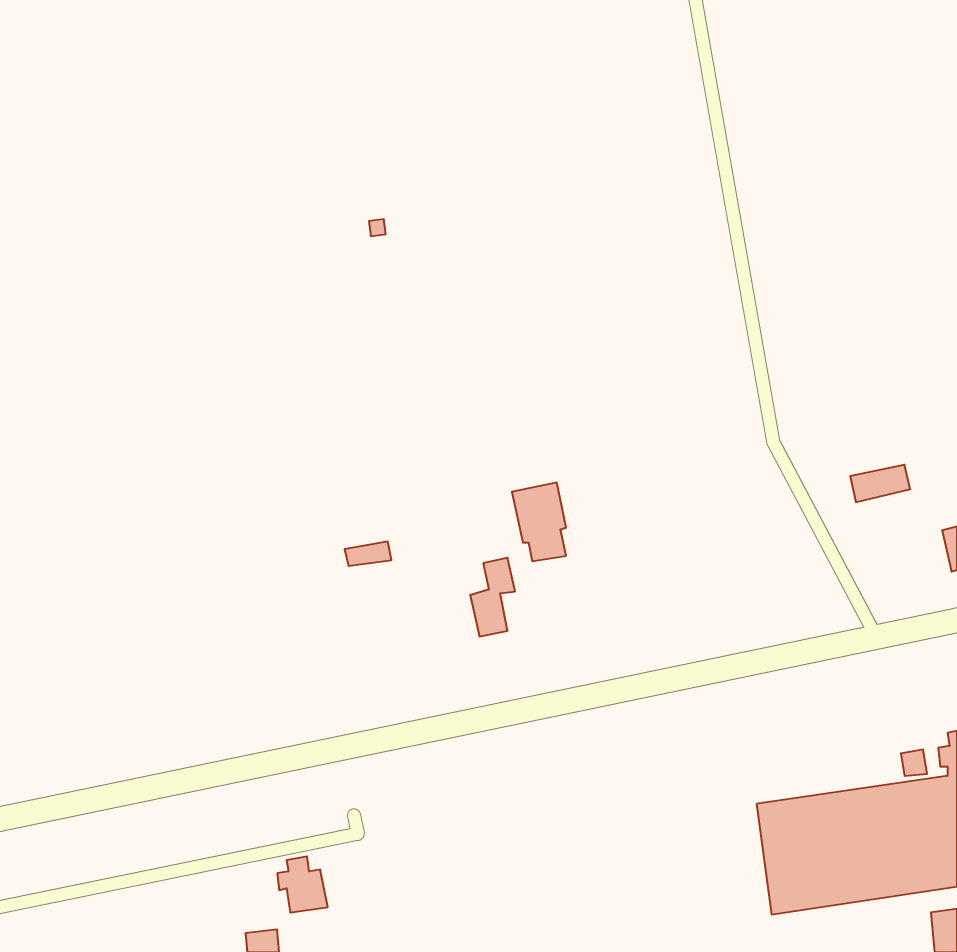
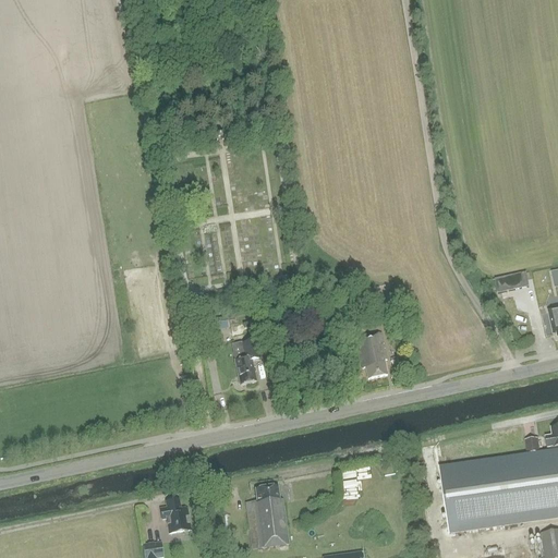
building: [512,483,566,561] -> [355,331,387,377]
building: [470,558,515,636] -> [234,338,260,384]
building: none -> [246,484,288,547]

